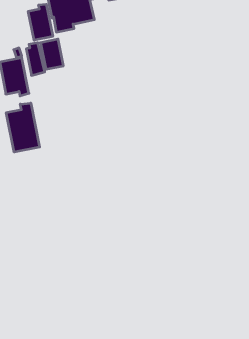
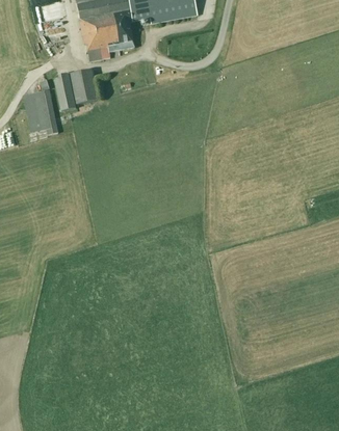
building: [28,4,53,40] -> none
building: [6,103,40,152] -> none

